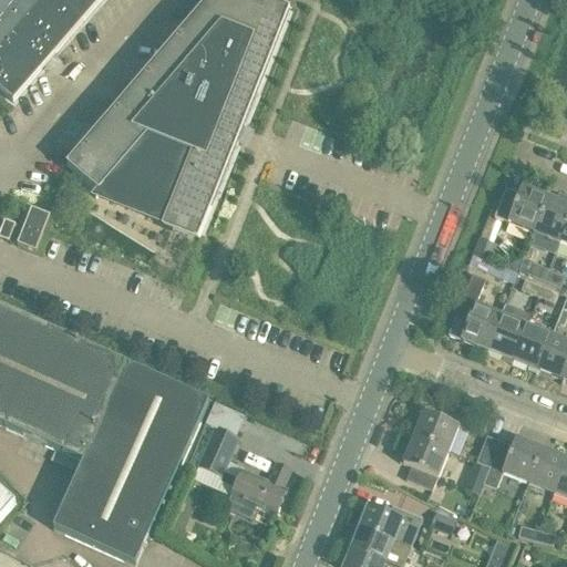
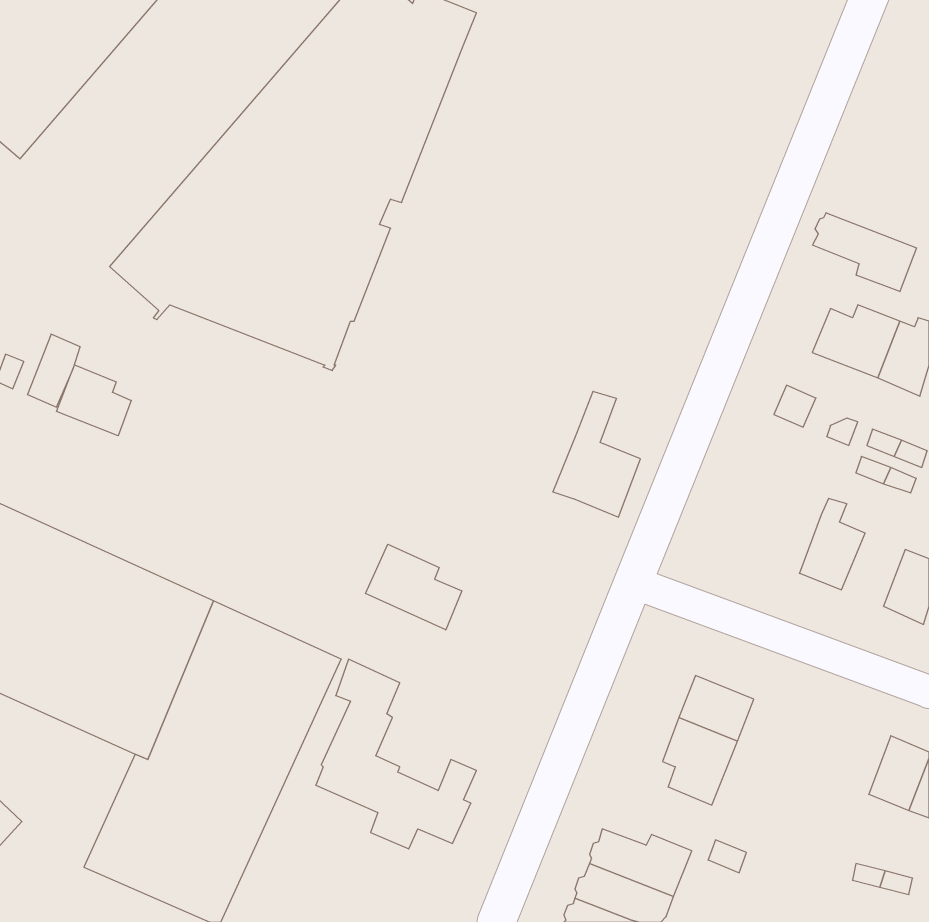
building: none -> [813,213,917,292]
building: none -> [57,365,131,436]
building: [445,271,498,348] -> [553,391,640,517]
building: [511,323,549,368] -> none
building: none -> [365,544,462,630]
building: [475,434,540,486] -> none

